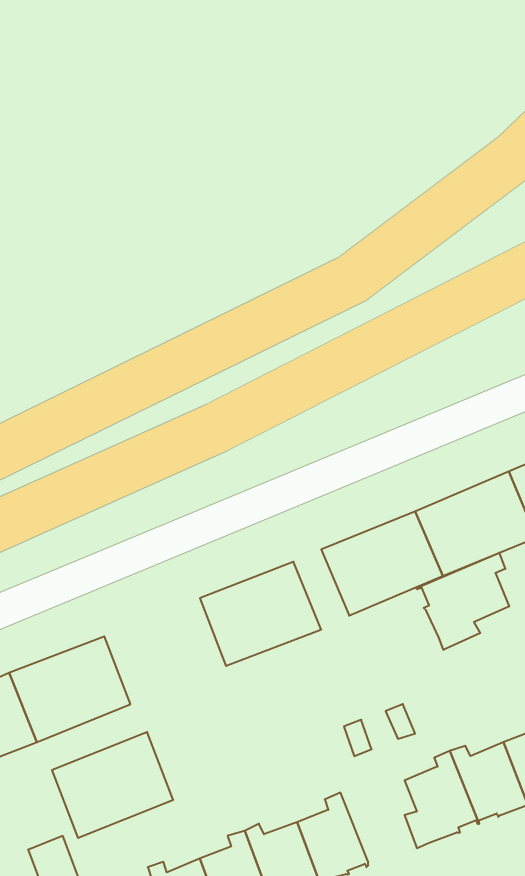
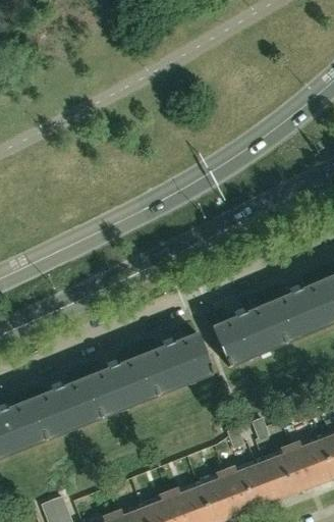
building: [416,553,509,650] -> none
building: [52,732,173,838] -> [86,355,157,417]
building: none -> [224,462,269,510]

